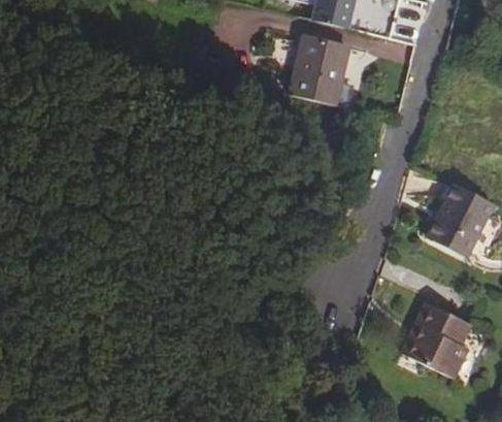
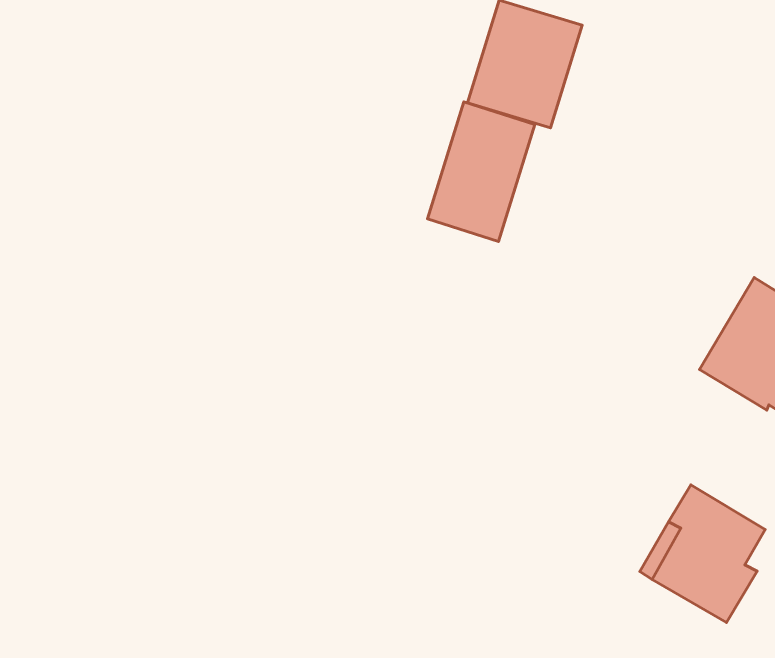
building: none -> [428,102,535,241]

